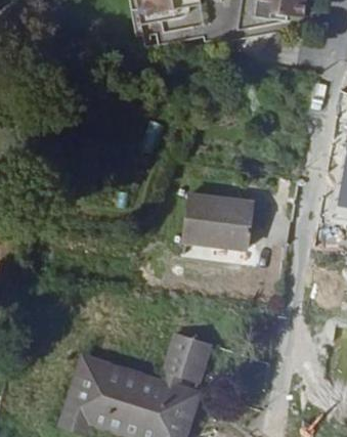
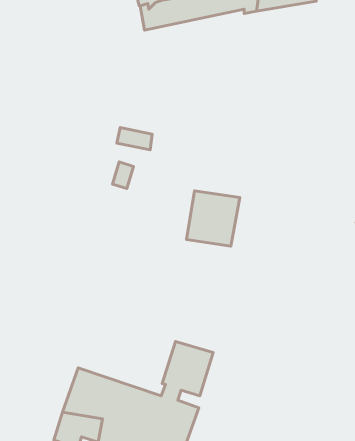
building: [225,199,255,248] -> none

